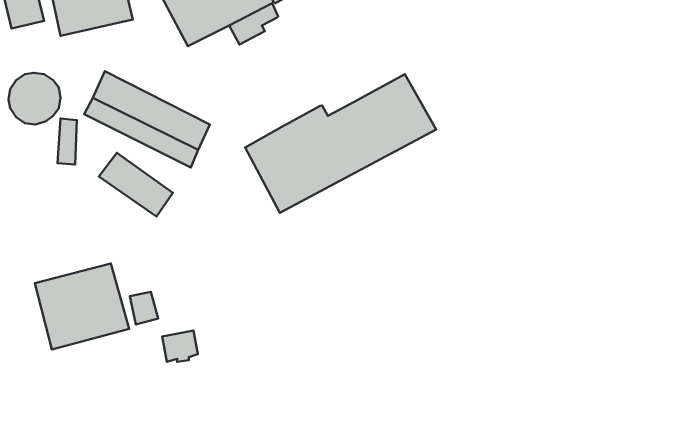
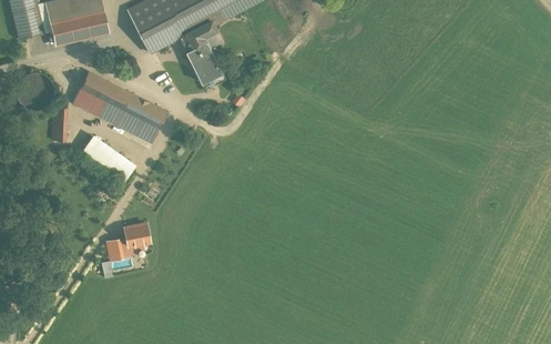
building: none -> [186,31,222,82]
building: [245,74,436,213] -> none
building: [35,263,129,349] -> none
building: [162,331,198,362] -> [122,223,149,246]

